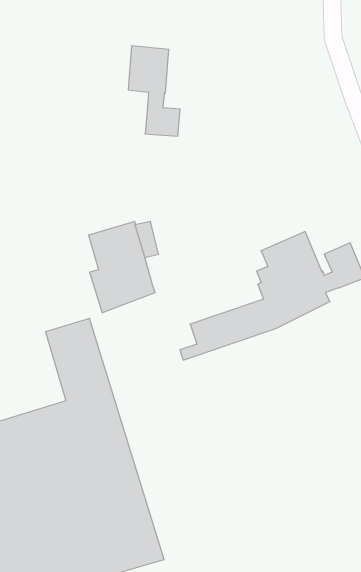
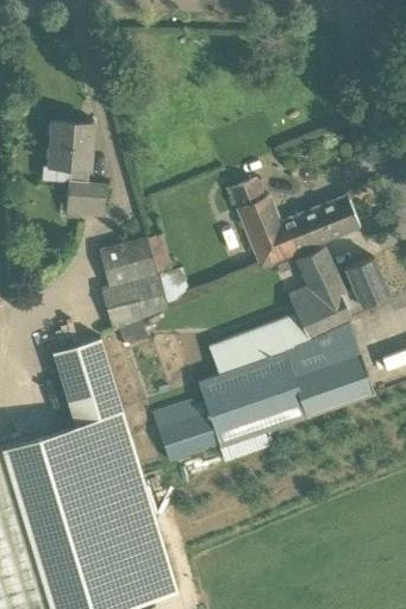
building: [128,46,180,136] -> [50,120,105,215]
building: none -> [231,181,361,269]
building: none -> [154,321,375,478]

